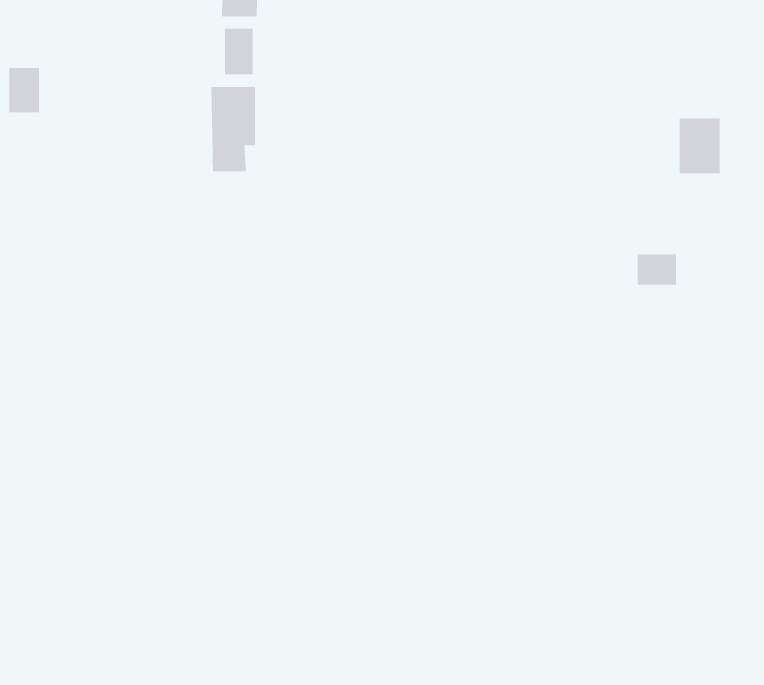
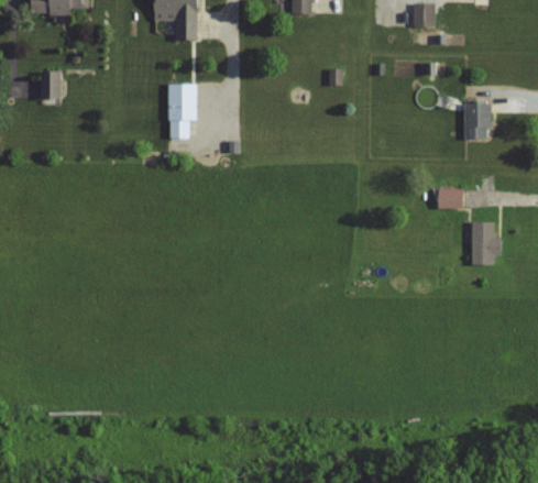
building: [225,28,253,75] -> none
building: none -> [471,222,501,263]

